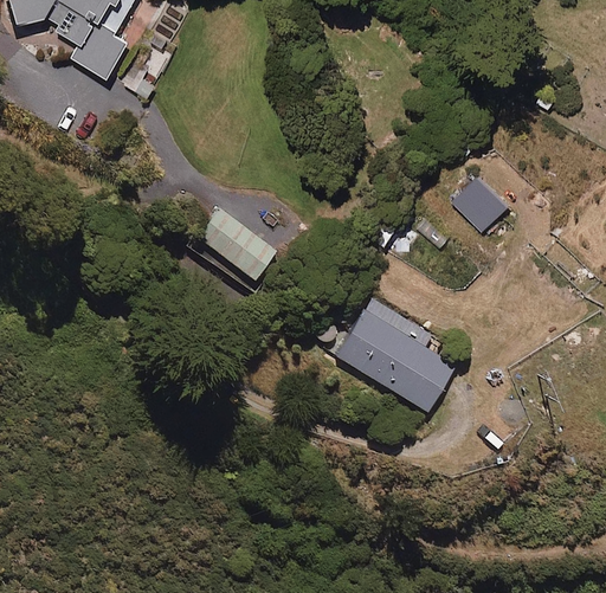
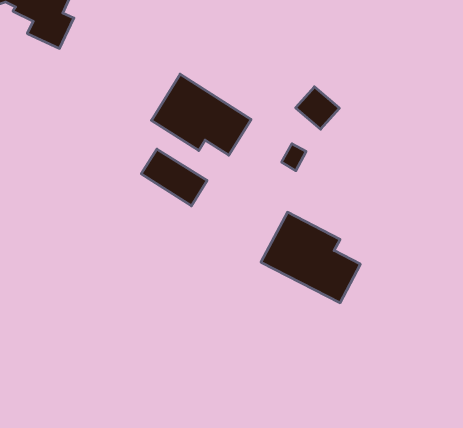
building: none -> [151,74,251,155]
building: [456,178,509,230] -> [296,87,339,129]

